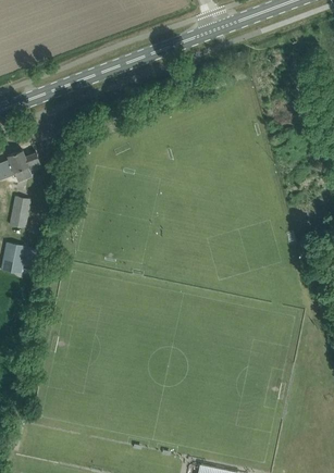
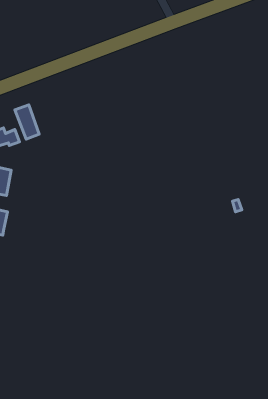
building: none -> [15,105,39,139]

